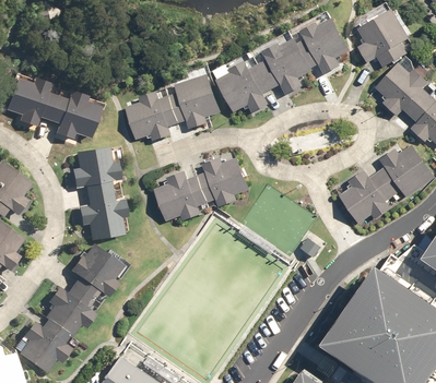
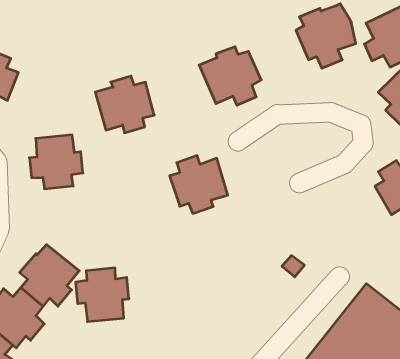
building: [258,35,313,93] -> none
building: [169,75,221,130] -> none
building: [49,91,99,139] -> none
building: [154,171,208,222] -> none
building: [340,171,394,225] -> none
building: [79,192,127,241] -> [76,268,129,322]

